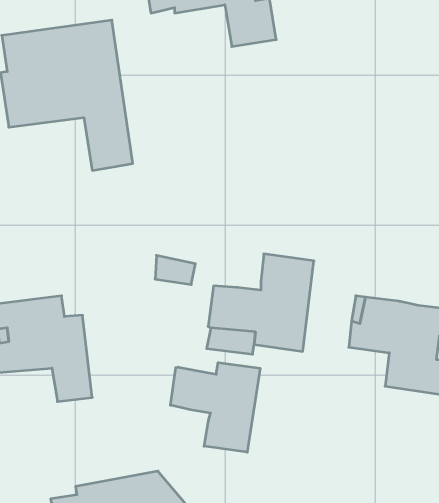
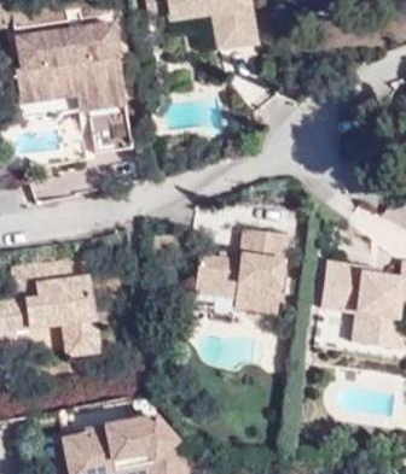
building: [170,363,260,452] -> none

